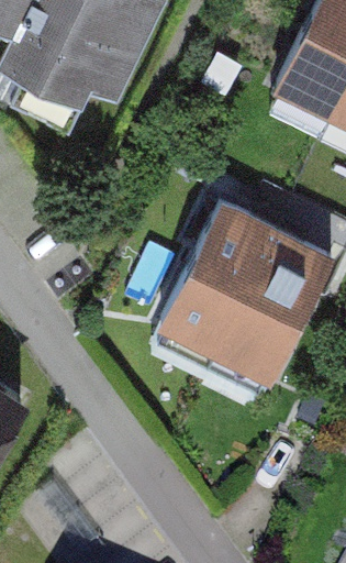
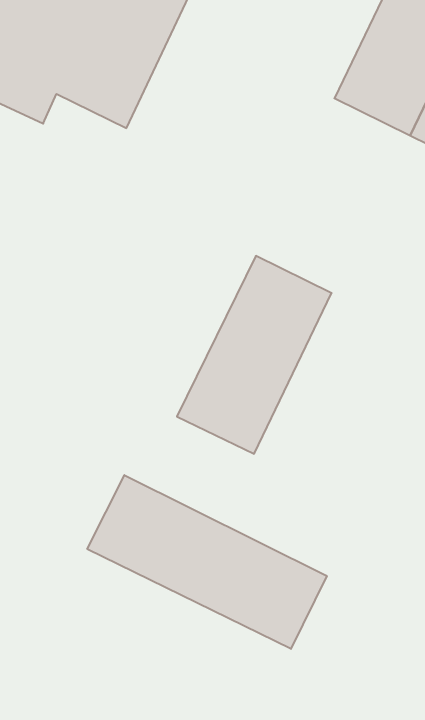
building: [217,232,332,378] -> none
building: none -> [87,475,327,649]

